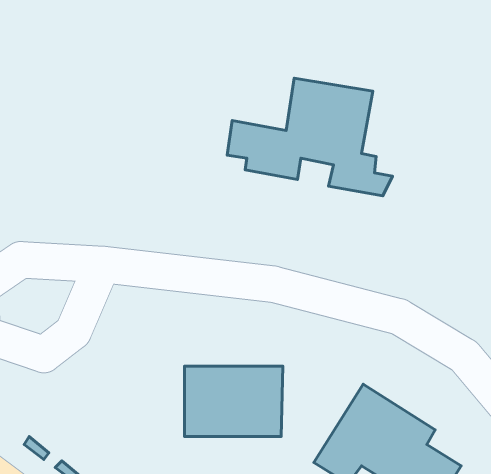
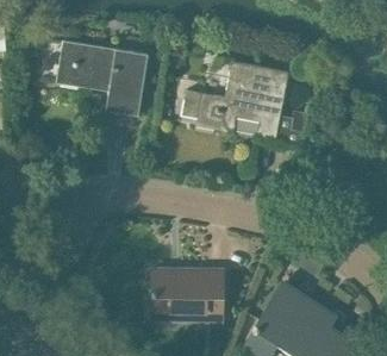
building: none -> [55,42,146,115]

